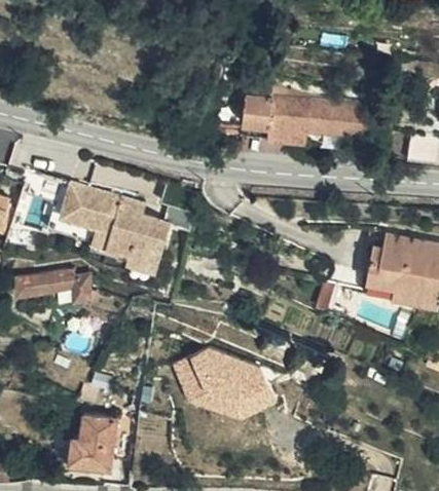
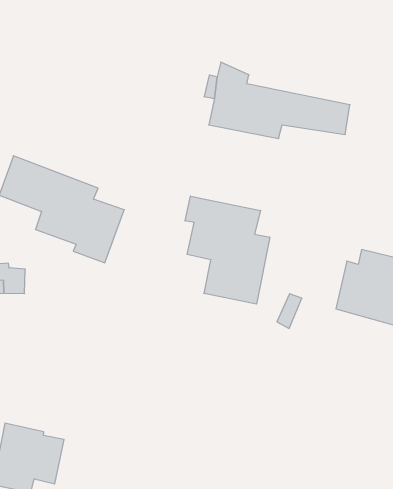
building: none -> [185,196,270,304]
building: [174,346,276,418] -> none

